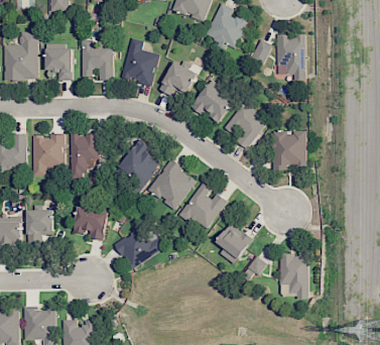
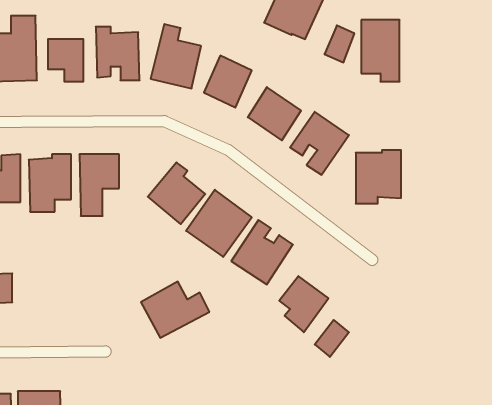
building: [75,206,108,239] -> none
building: [27,209,53,244] -> none
building: [280,253,309,299] -> none

